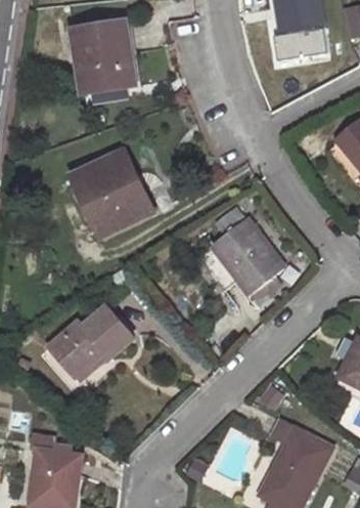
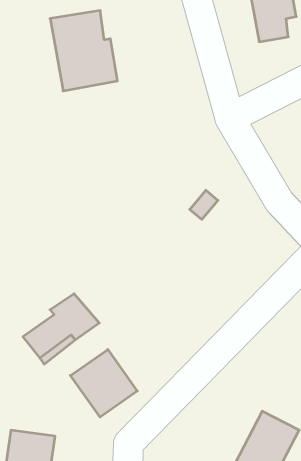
building: [71,153,150,236] -> none
building: [200,219,285,292] -> none
building: none -> [70,349,137,417]

